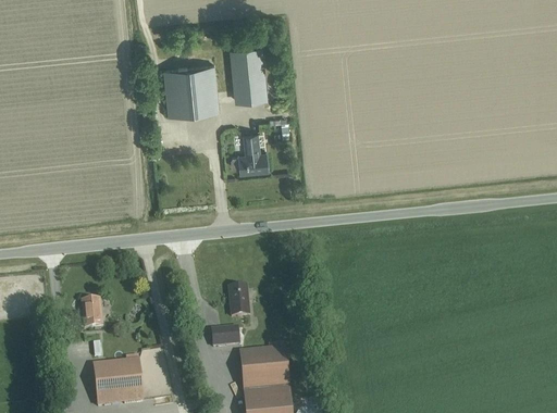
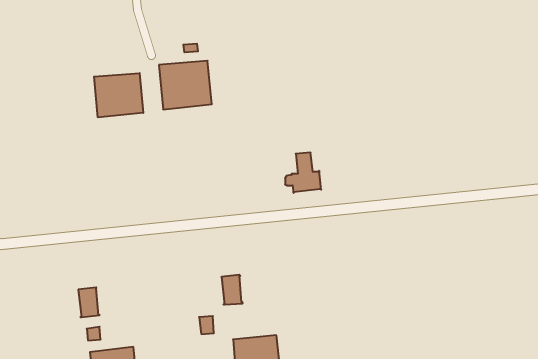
building: [231,45,268,100] -> none
building: none -> [94,73,143,117]
building: [232,133,269,174] -> [285,153,321,193]

